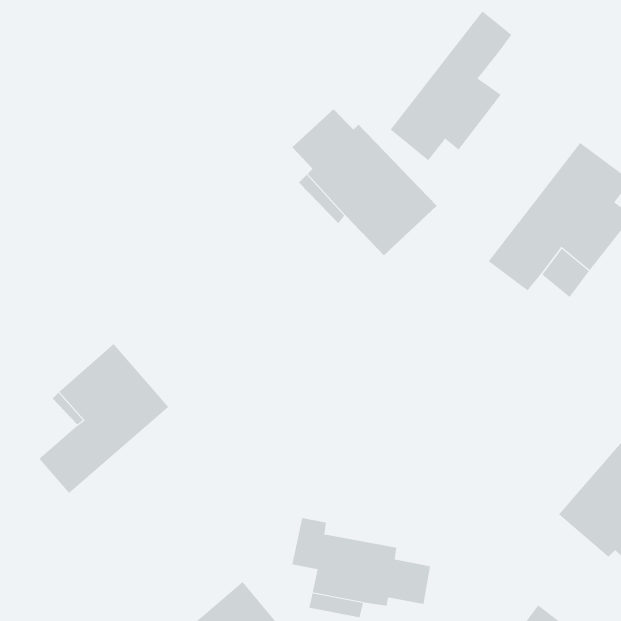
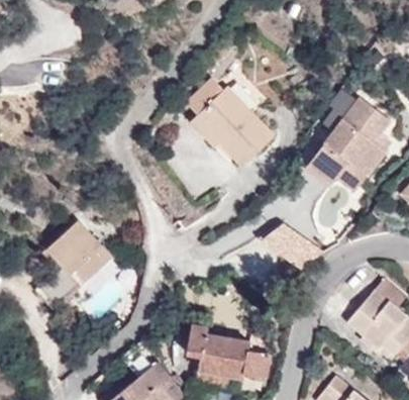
building: [390,10,512,161] -> none

